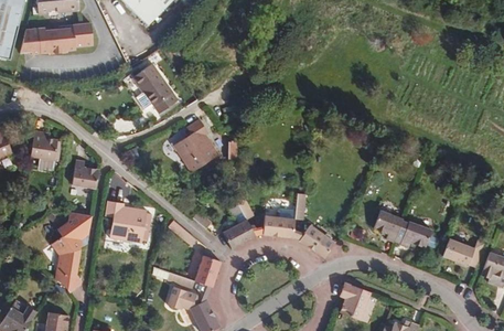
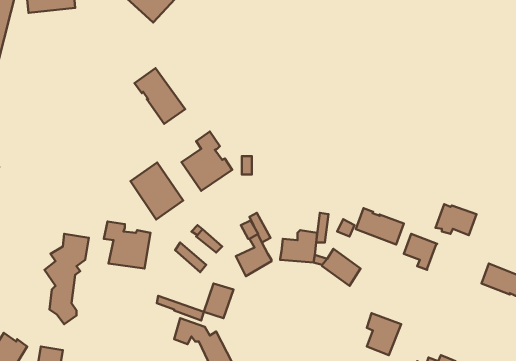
building: [20,23,94,54] -> none
building: [30,131,62,169] -> none
building: none -> [130,163,183,219]
building: [72,160,98,189] -> none
building: none -> [356,208,404,244]
building: [394,222,430,249] -> [436,204,476,235]

